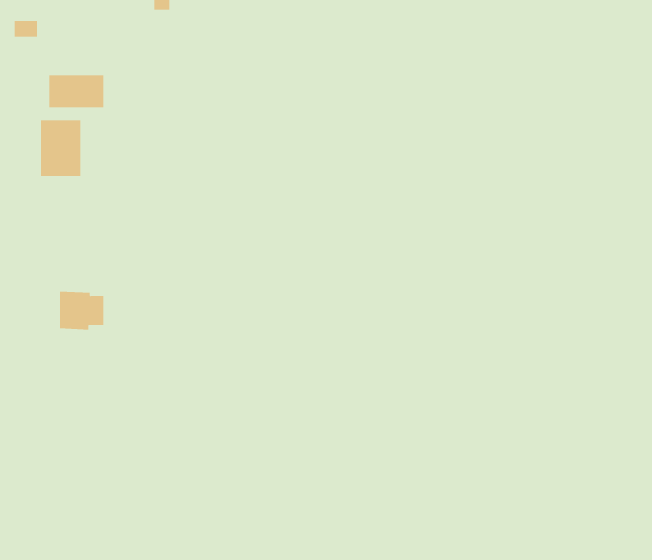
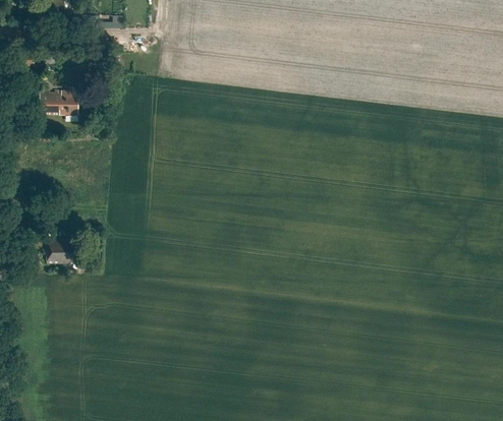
building: [41,120,81,177] -> none

